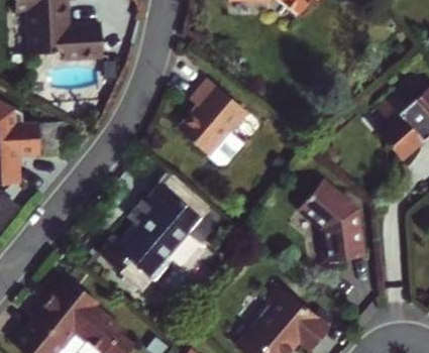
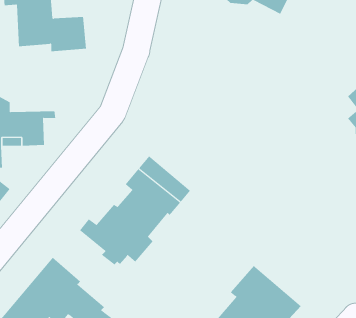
building: [178,77,248,163] -> none
building: [295,180,361,261] -> none

